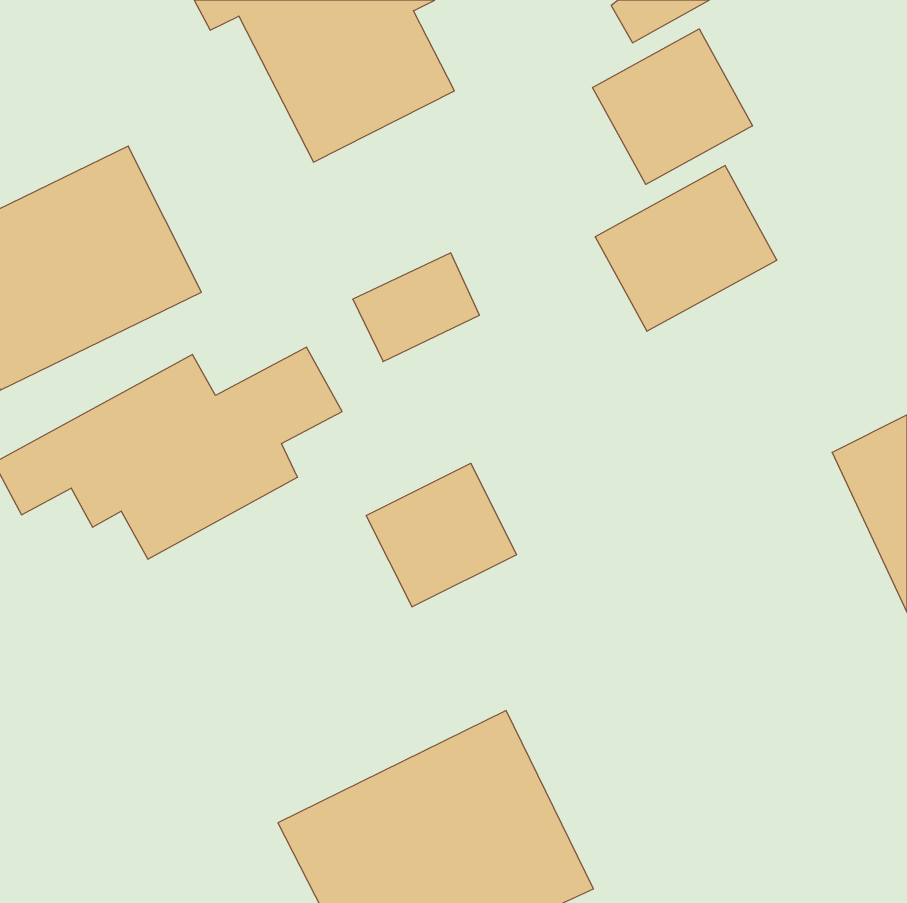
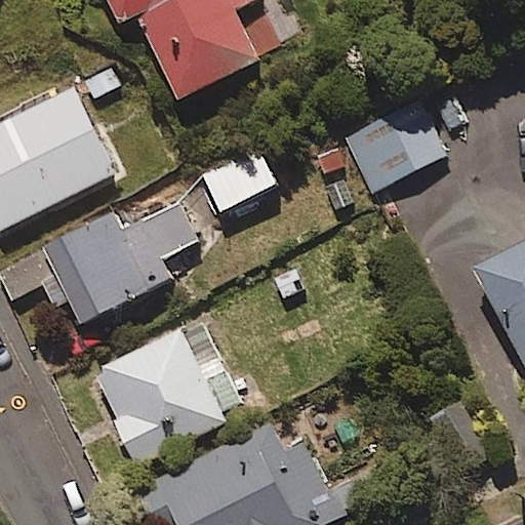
building: [593,29,753,184] -> none
building: [366,463,517,607] -> none
building: none -> [94,328,227,463]

